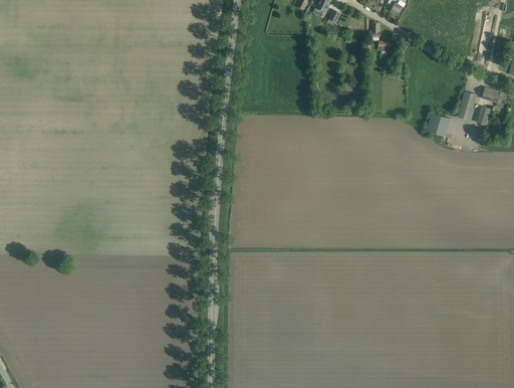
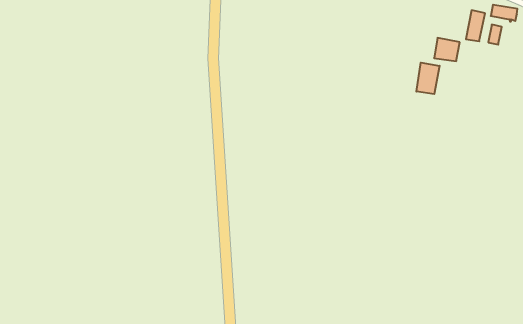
building: none -> [416,63,440,94]

